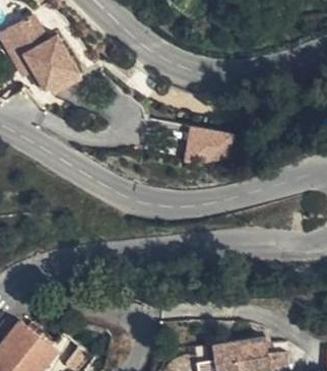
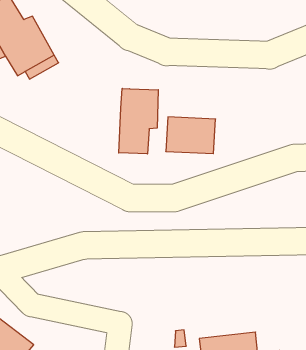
building: none -> [119,88,158,154]

